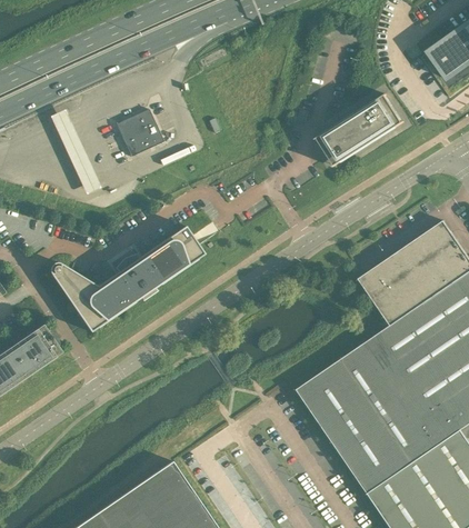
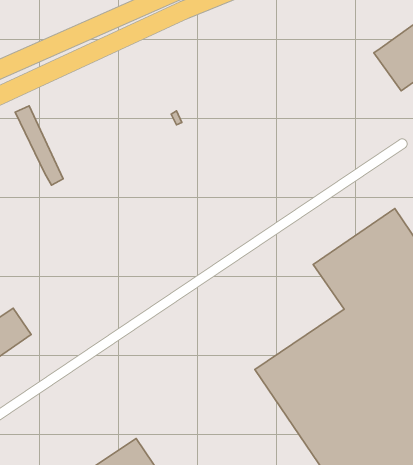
building: [316,94,403,167] -> none
building: [116,109,164,157] -> none
building: [50,226,204,332] -> none

